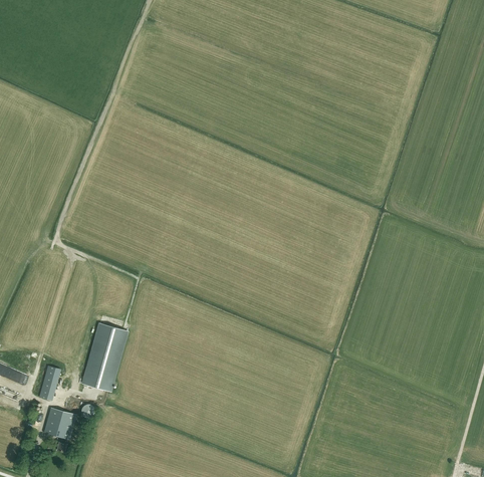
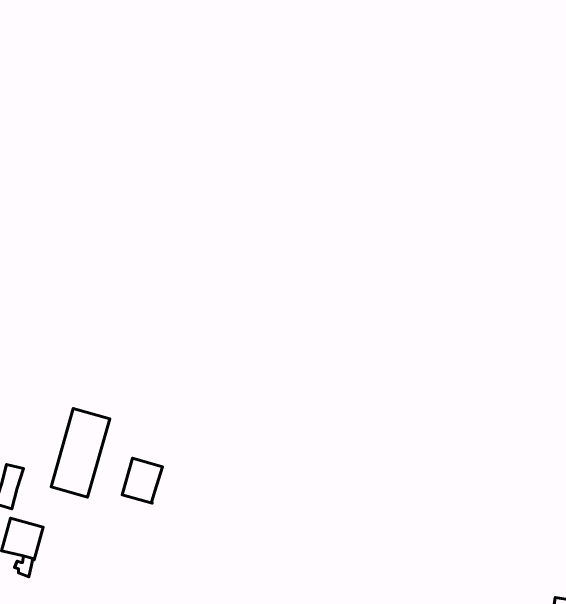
building: none -> [122,458,163,503]

